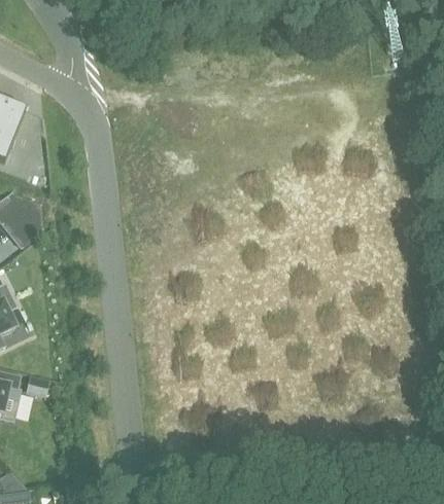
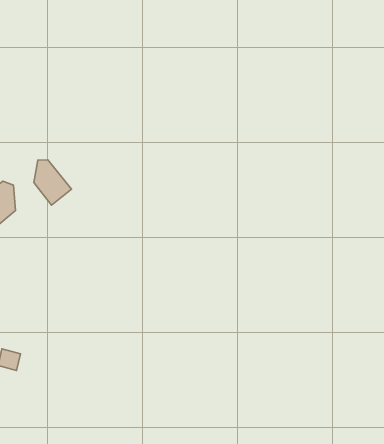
building: none -> [34,160,71,205]

